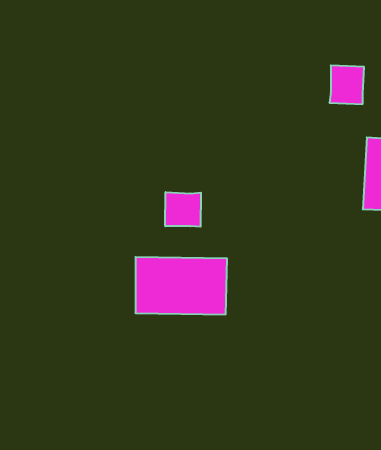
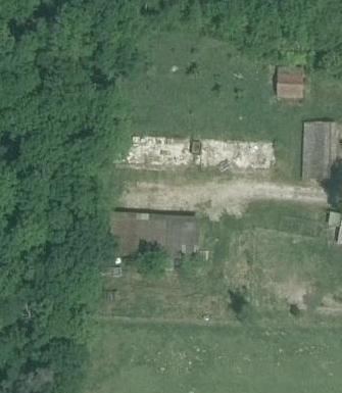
building: [165,192,201,227] -> none

